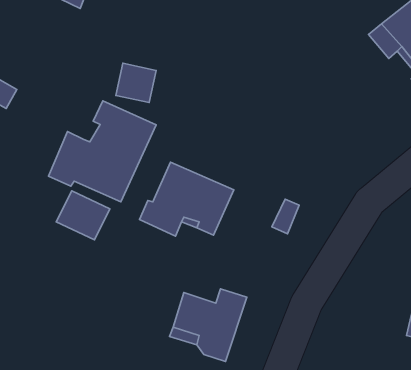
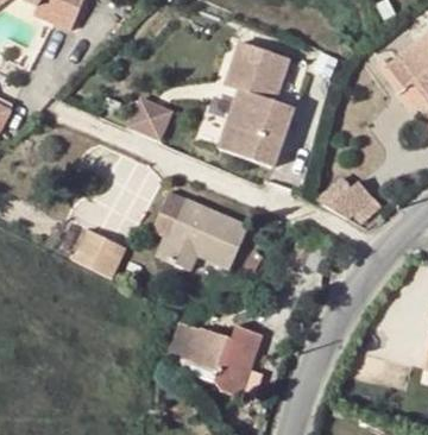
building: none -> [215,42,291,165]
building: [48,101,156,202] -> none
building: none -> [321,185,372,229]

